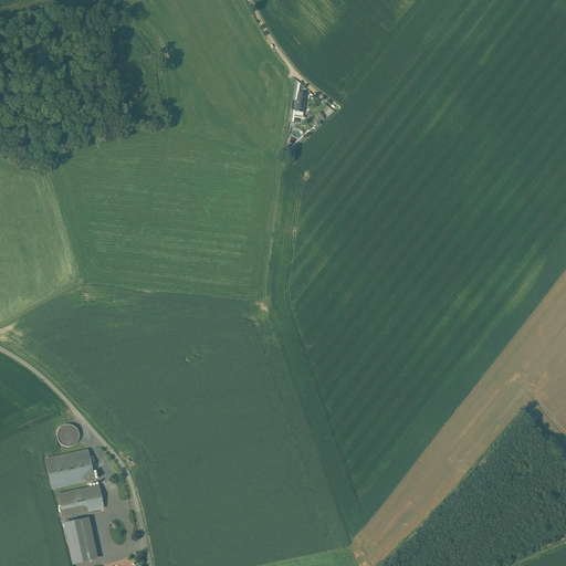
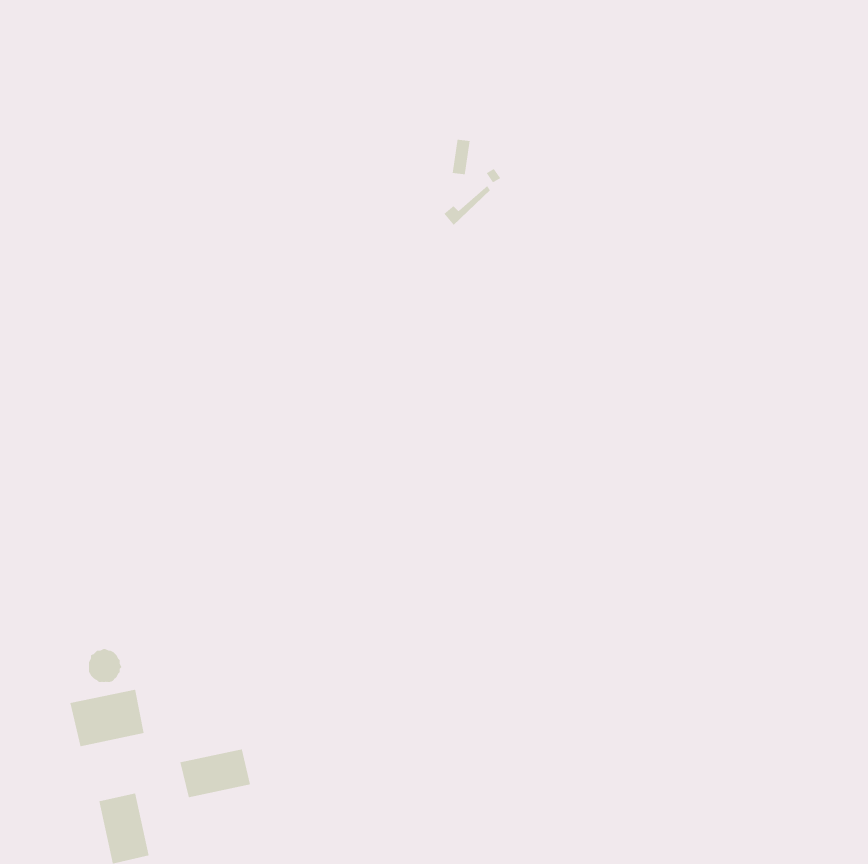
building: [57,483,104,515] -> [180,749,251,798]

